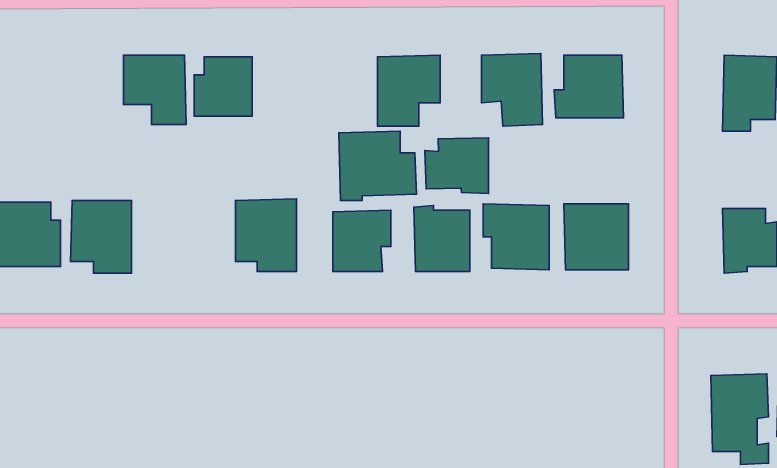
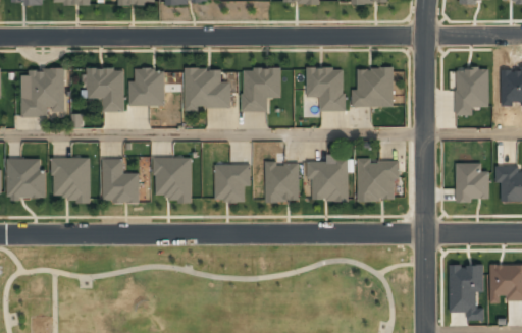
building: none -> [21,68,64,116]
building: [339,131,417,201] -> [184,67,231,110]
building: [425,138,489,193] -> none
building: none -> [102,158,139,202]

